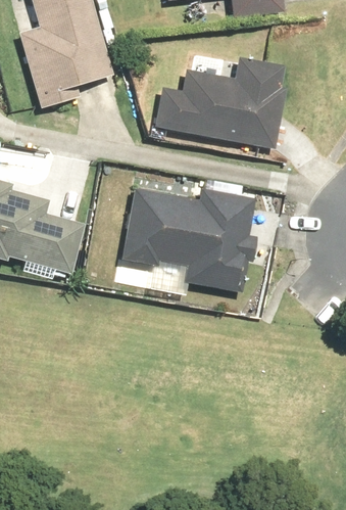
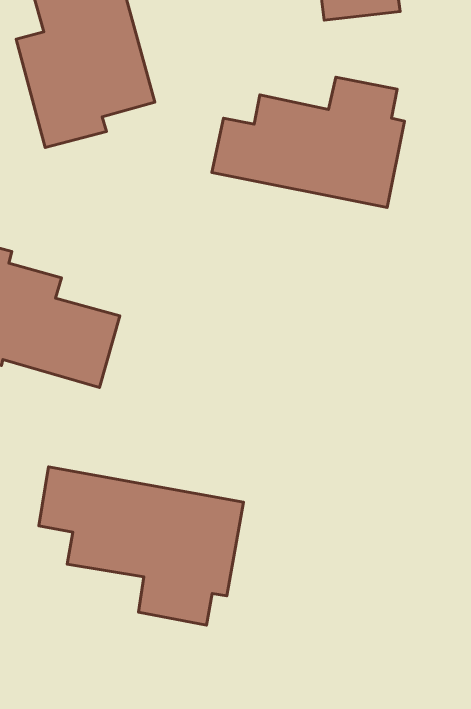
building: [121,186,256,293] -> none
building: none -> [39,467,243,625]

